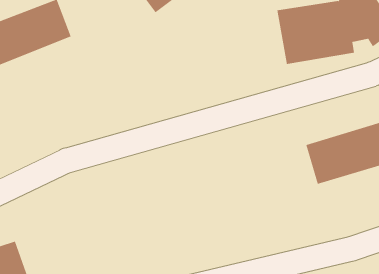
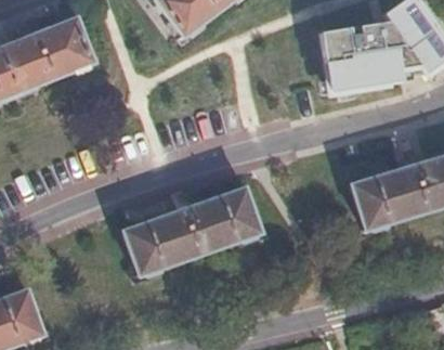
building: none -> [125,189,259,274]

